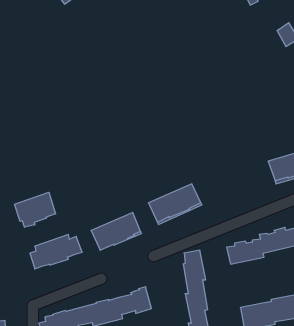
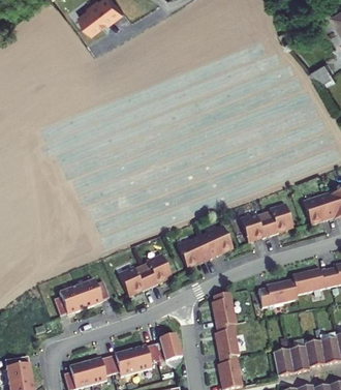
building: none -> [240,203,292,239]
building: [14,192,56,227] -> none

